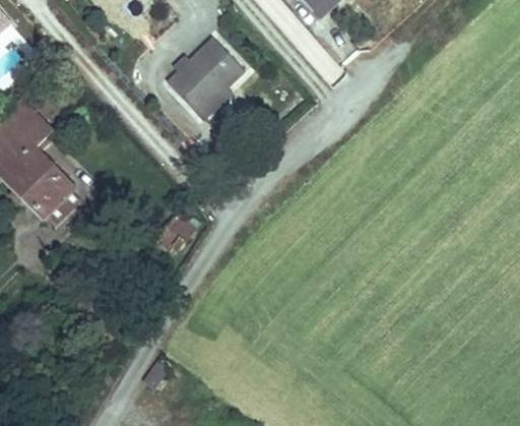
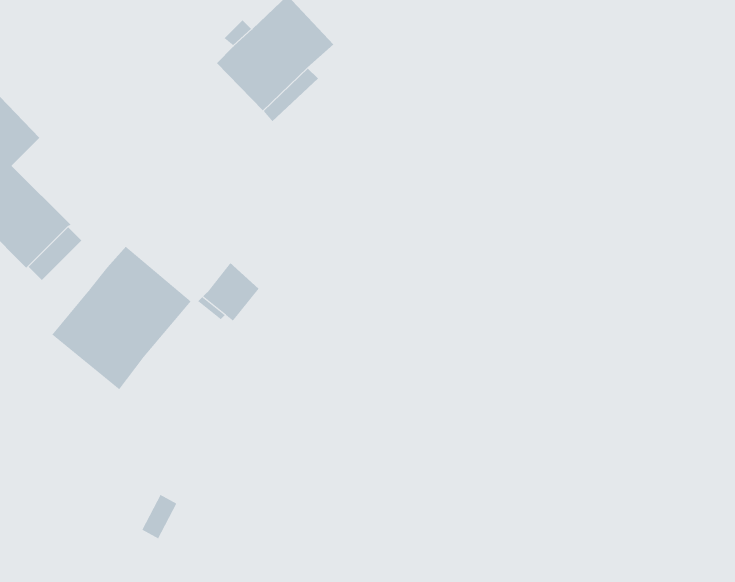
building: none -> [51,246,191,390]

